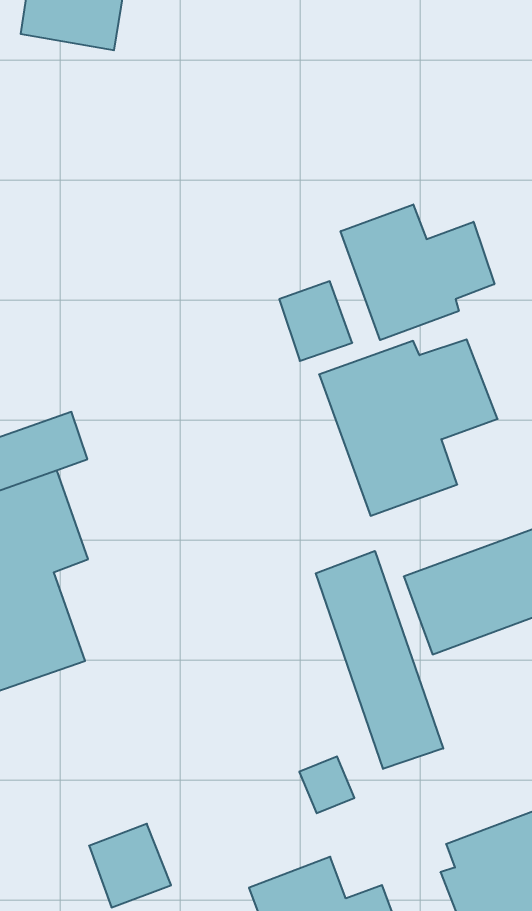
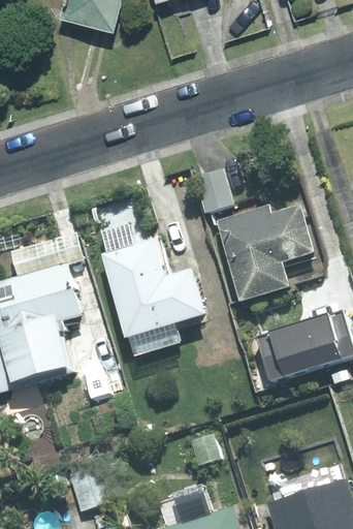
building: [341,204,494,340] -> none
building: none -> [100,224,205,354]
building: [316,551,443,769] -> none

